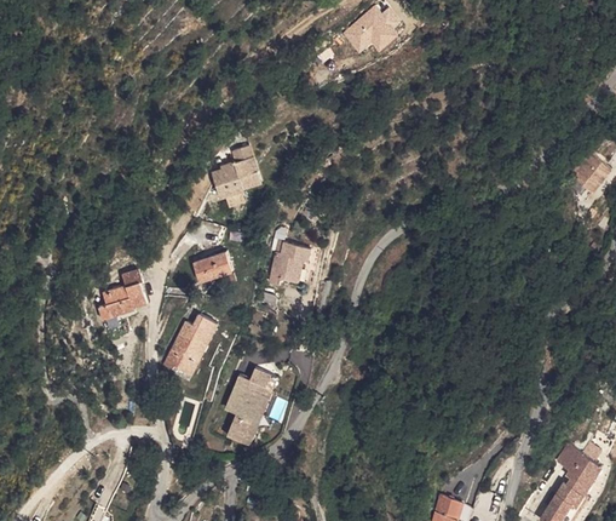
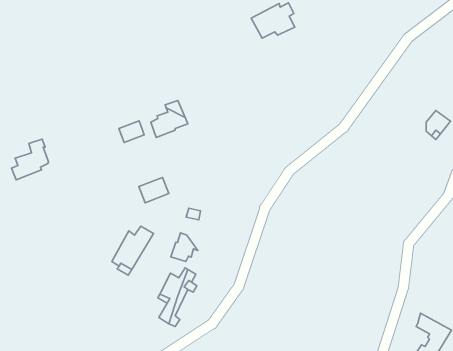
building: none -> [119,121,144,142]
building: [270,236,312,280] -> none
building: [97,268,146,322] -> [11,139,49,180]
building: none -> [171,233,198,262]

